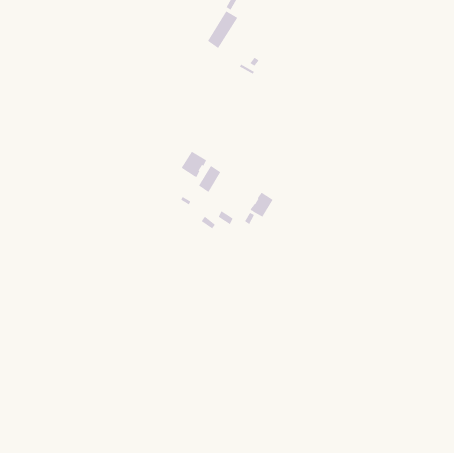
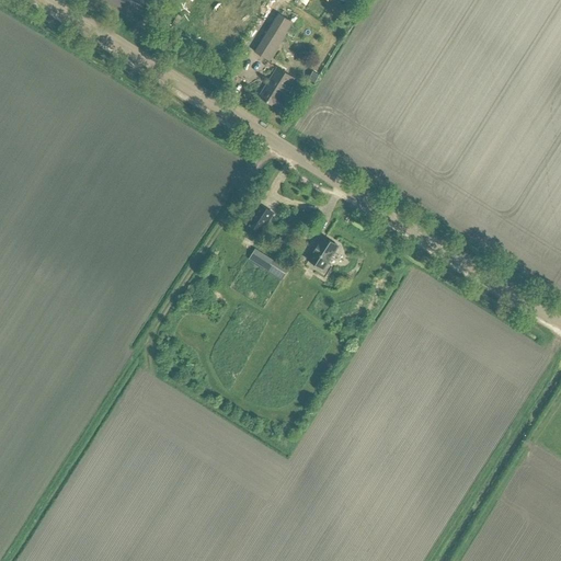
building: none -> [259,66,294,106]
building: [181,151,207,178] -> none

